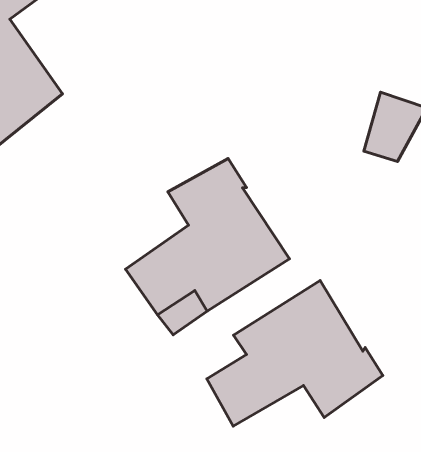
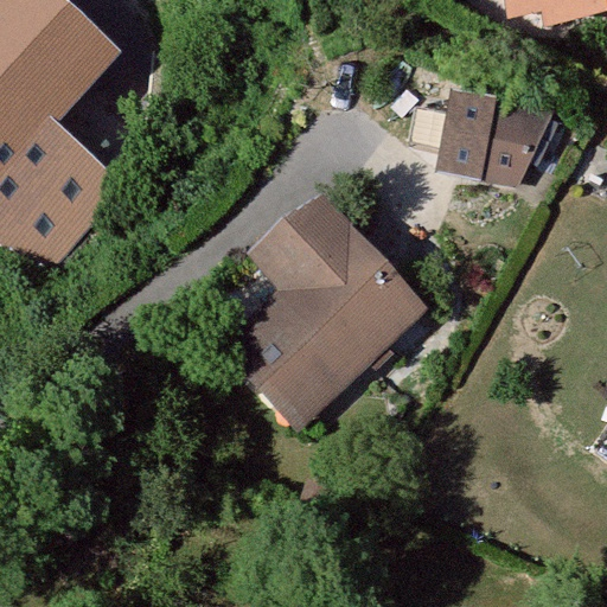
building: [207,281,383,426] -> none

